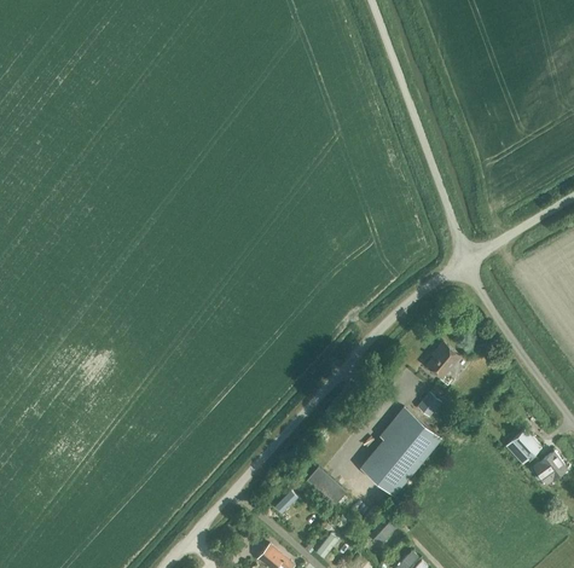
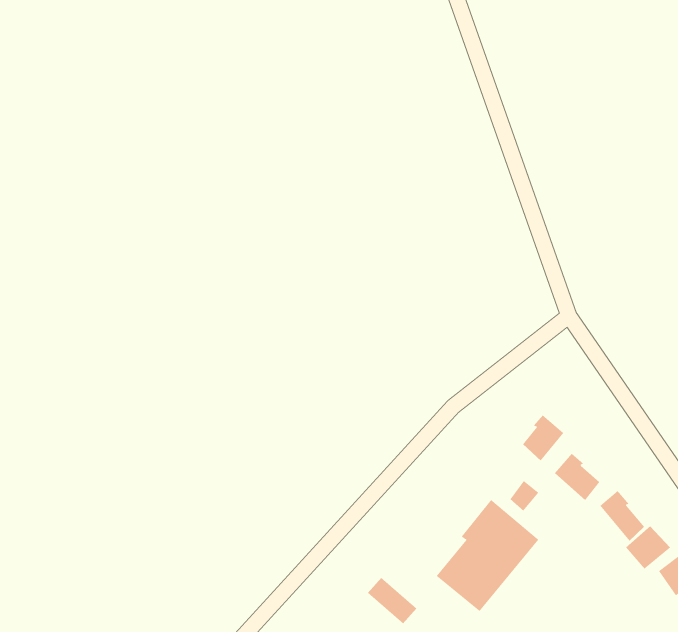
building: none -> [554,453,600,501]
building: none -> [599,490,645,541]

